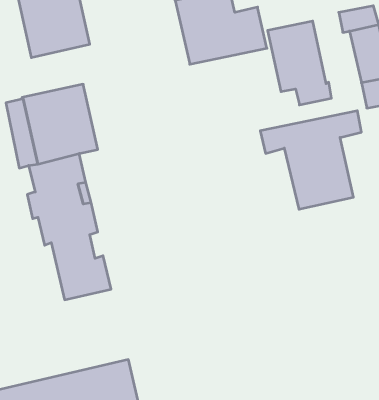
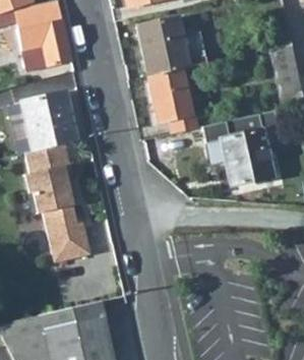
building: [268,21,331,105] -> [148,68,197,132]

